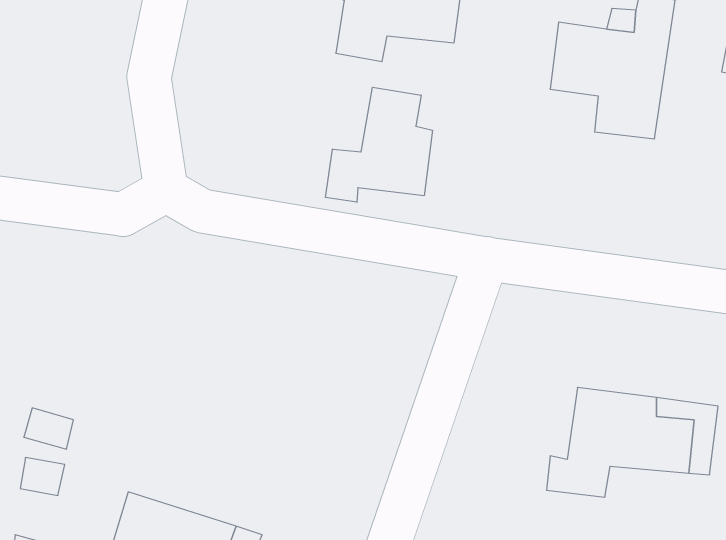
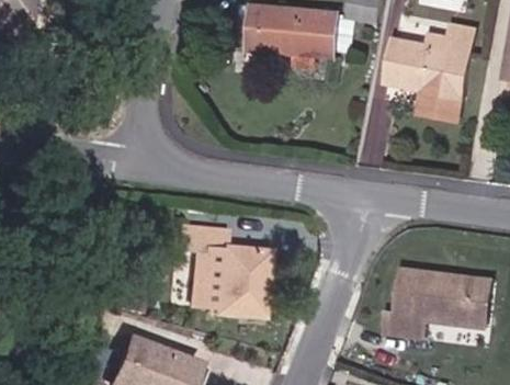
building: [326,87,432,202] -> none
building: none -> [175,235,267,320]

